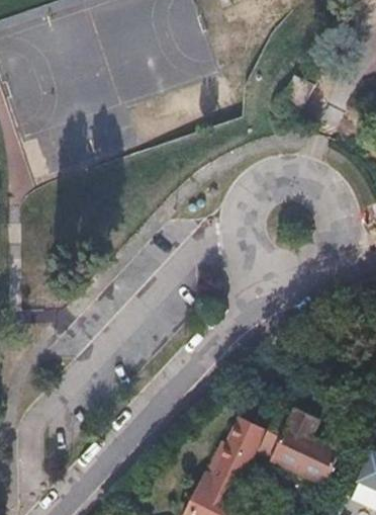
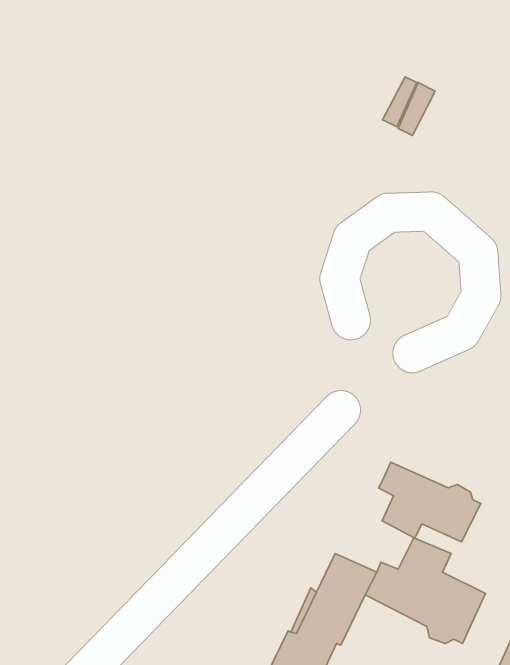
building: none -> [379,462,481,542]

